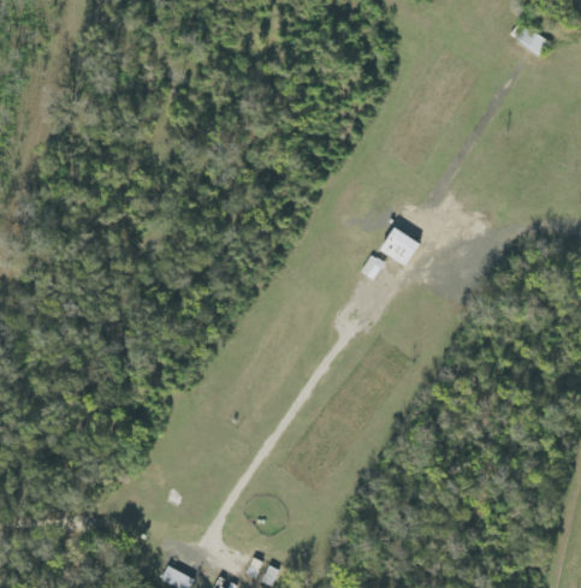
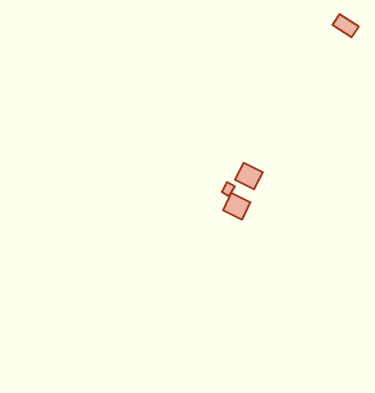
building: none -> [223,193,250,220]

